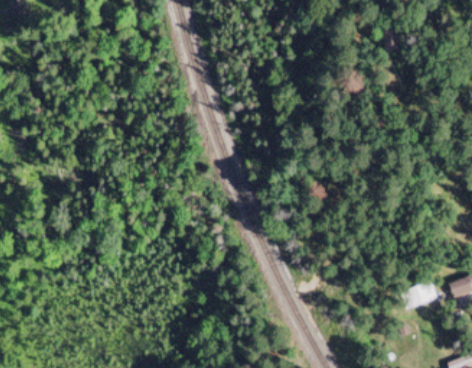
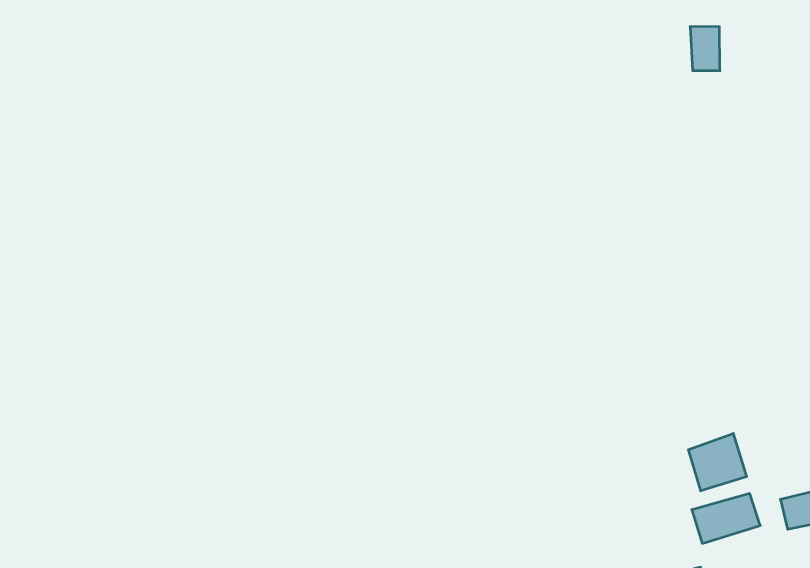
building: none -> [688,433,747,491]

